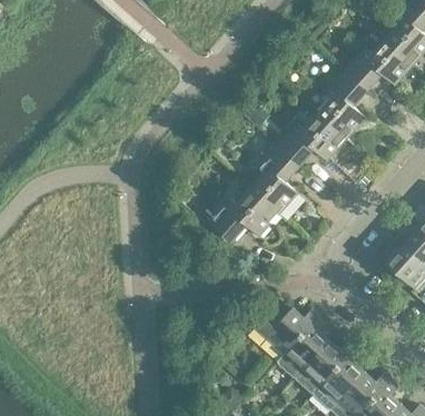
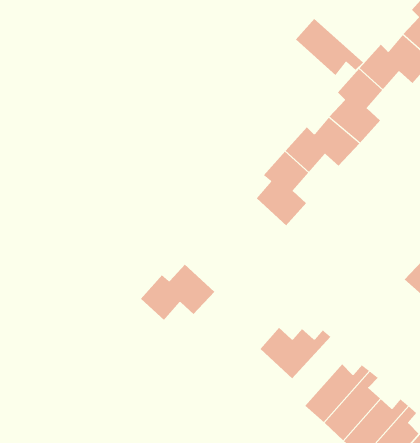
building: none -> [295,18,364,76]
building: [210,189,279,241] -> [140,264,215,321]
building: [277,316,330,379] -> none

